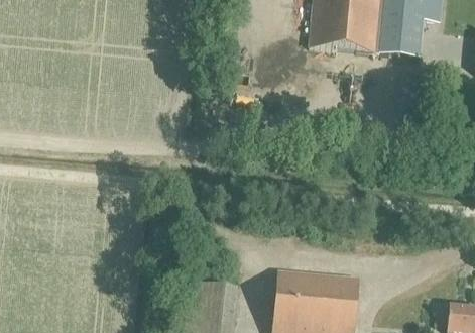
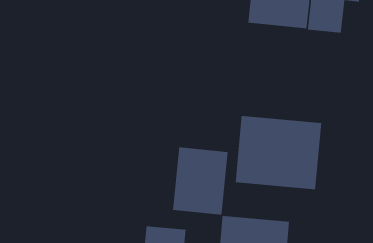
building: none -> [235,115,322,190]
building: none -> [172,146,228,216]

